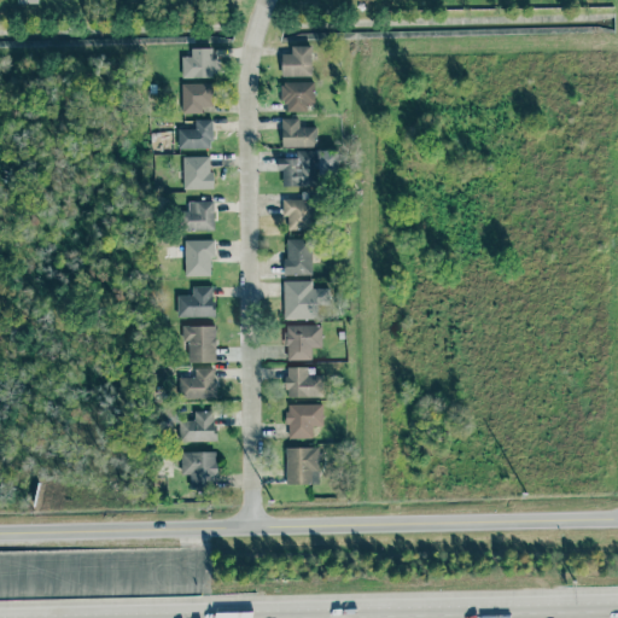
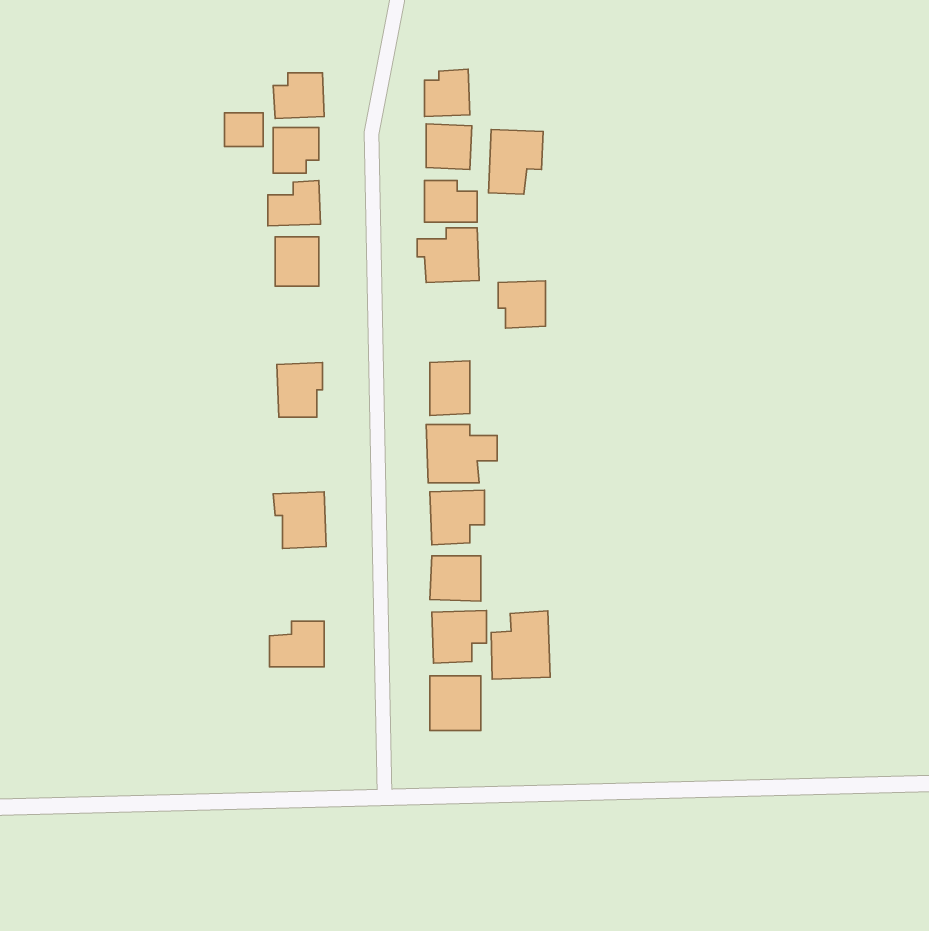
building: none -> [225,113,263,146]
building: none -> [489,129,543,194]
building: [284,199,315,231] -> [498,281,545,328]
building: [188,202,215,231] -> none
building: [177,287,216,317] -> none
building: [179,368,216,400] -> none
building: none -> [491,611,550,679]
building: [181,451,218,490] -> none

